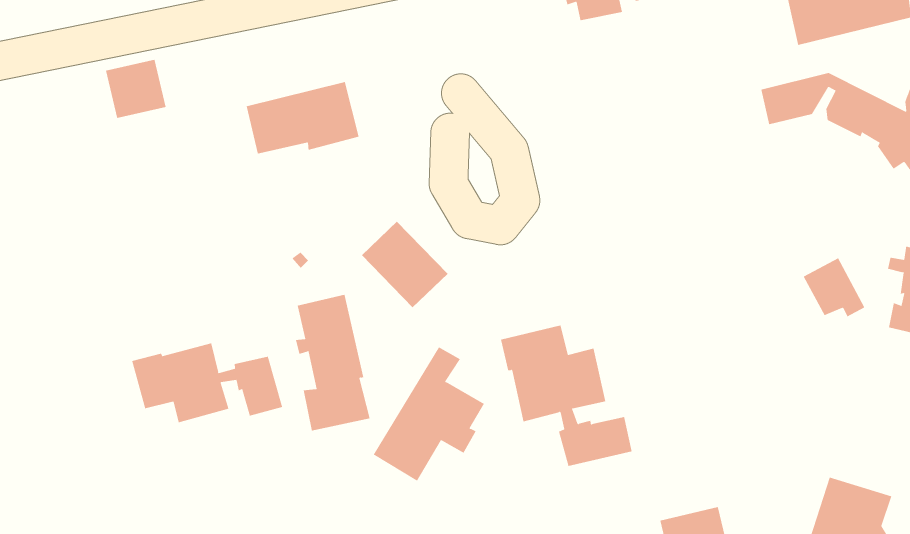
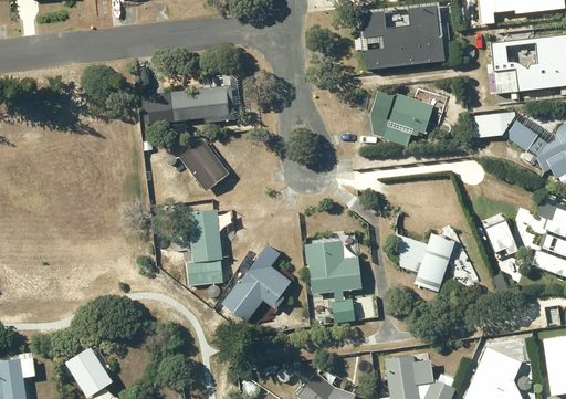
building: none -> [370,90,447,147]
building: [105,59,166,119] -> [142,93,175,125]
building: [361,221,449,308] -> [179,139,229,191]
building: none -> [397,233,454,292]
building: [131,342,283,423] -> none

